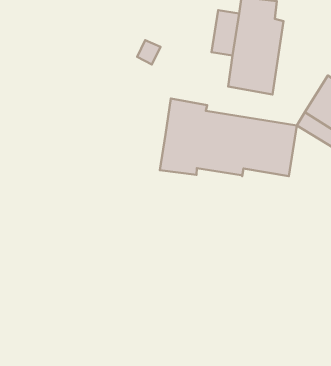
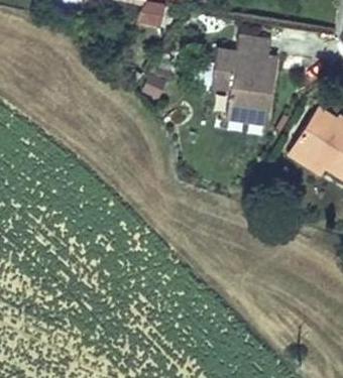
building: [160,99,297,176] -> none

